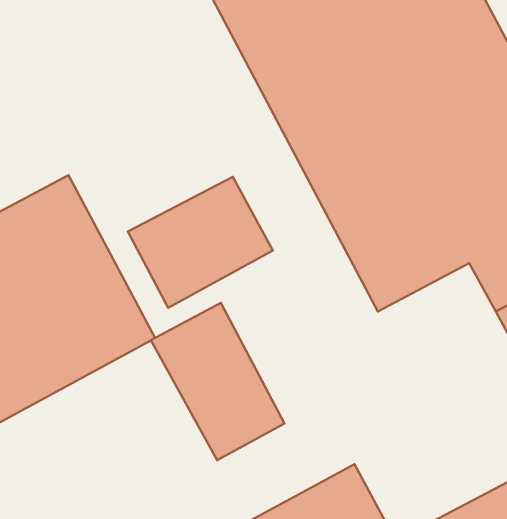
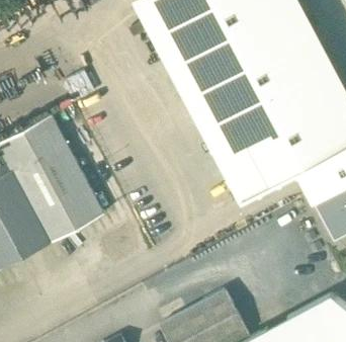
building: [128,177,273,308] -> none
building: [151,303,285,460] -> none

